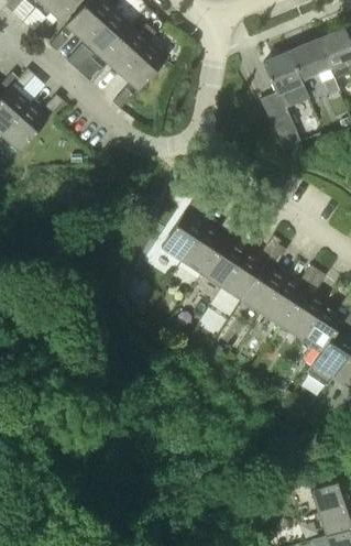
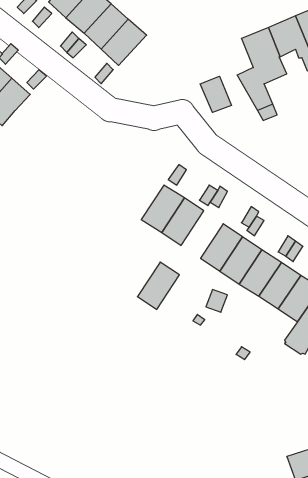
building: none -> [200,76,231,112]
building: [200,240,243,288] -> [137,262,179,309]

